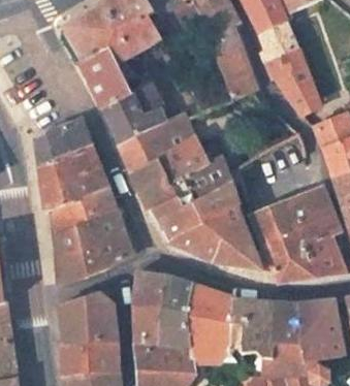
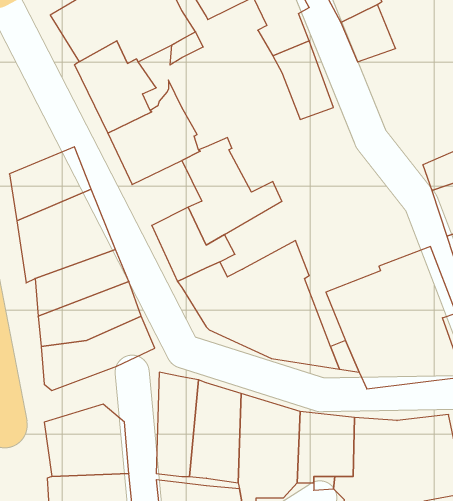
building: [265,50,319,114] -> none
building: [118,126,165,170] -> none
building: [181,154,229,200] -> none

